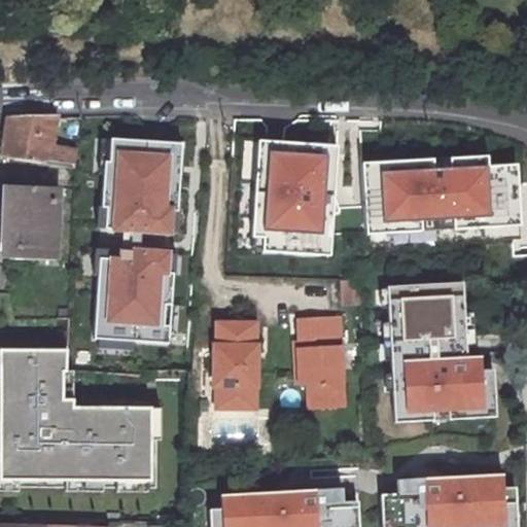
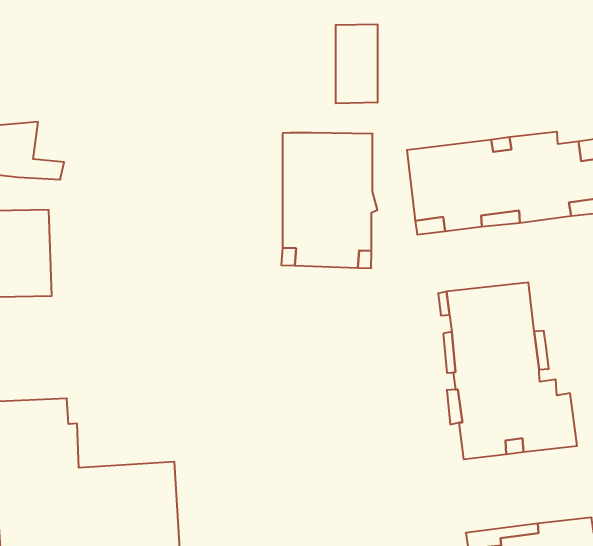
building: none -> [336,24,377,103]
building: [99,136,182,340] -> none
building: [298,314,344,407] -> none
building: [210,323,254,409] -> none

